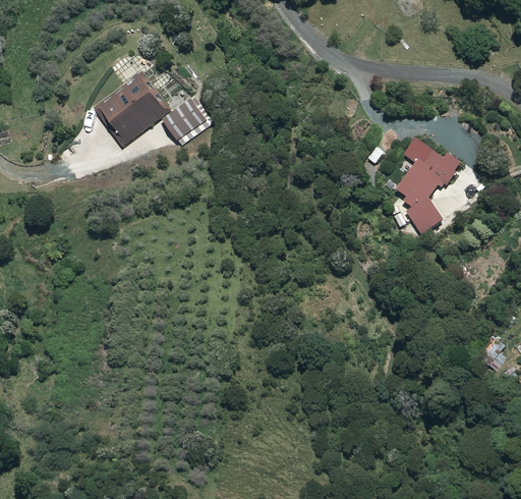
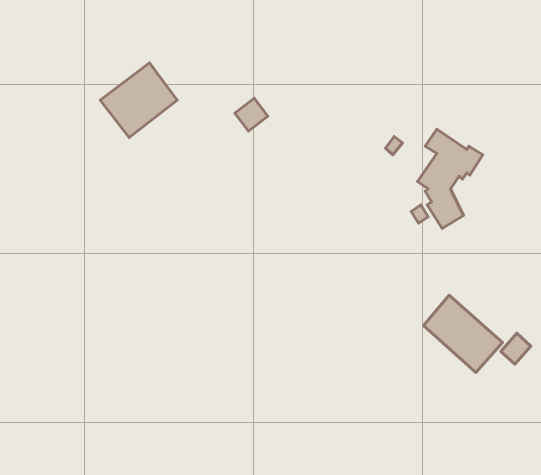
building: [165,105,196,136] -> [235,98,268,131]
building: none -> [423,295,503,372]

